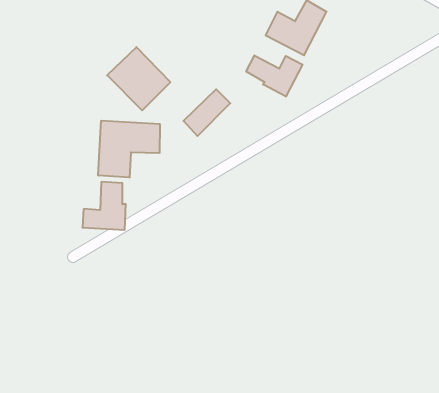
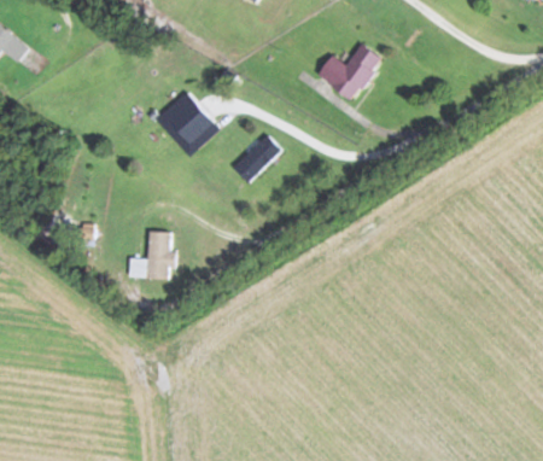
building: [246,55,302,97] -> none
building: [98,121,160,178] -> none

